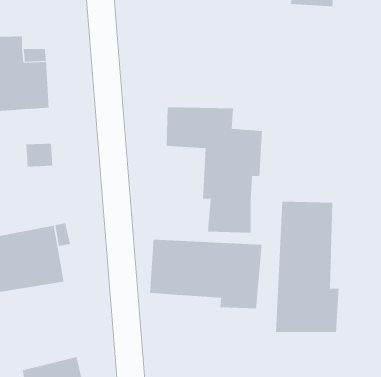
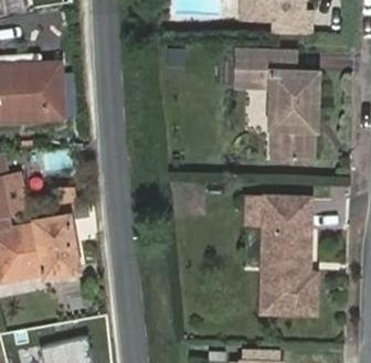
building: [166,107,263,233] -> [235,49,320,159]
building: [149,239,262,309] -> none

